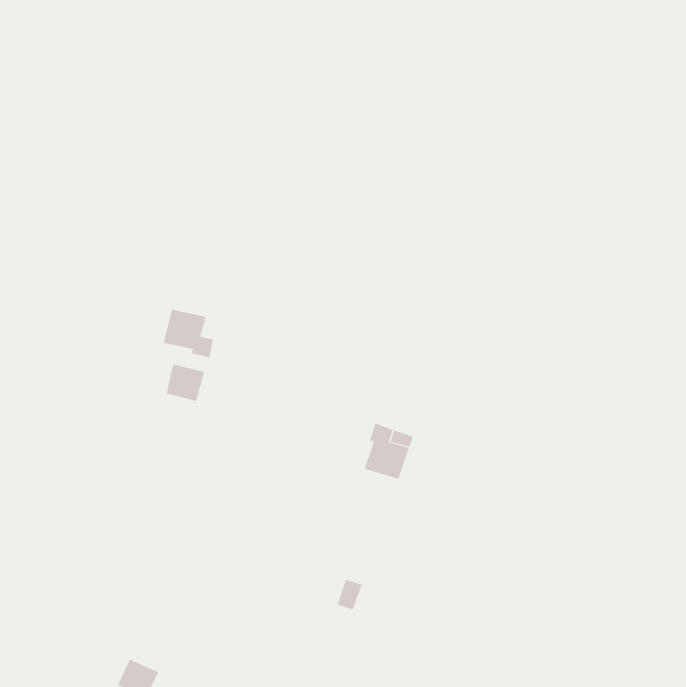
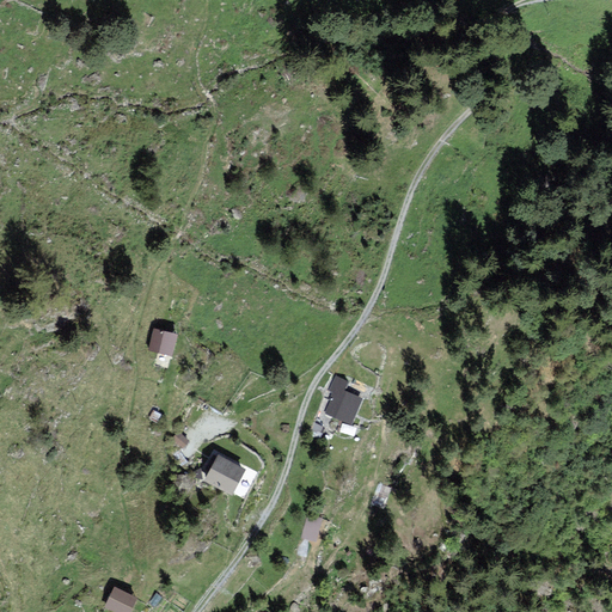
building: [163,309,214,358] -> none
building: none -> [201,453,247,497]

